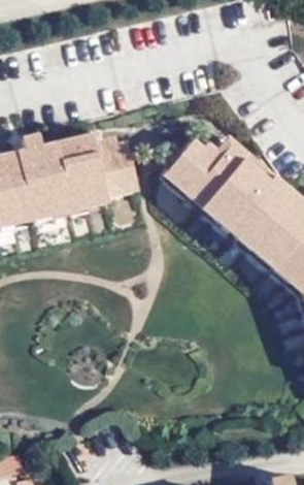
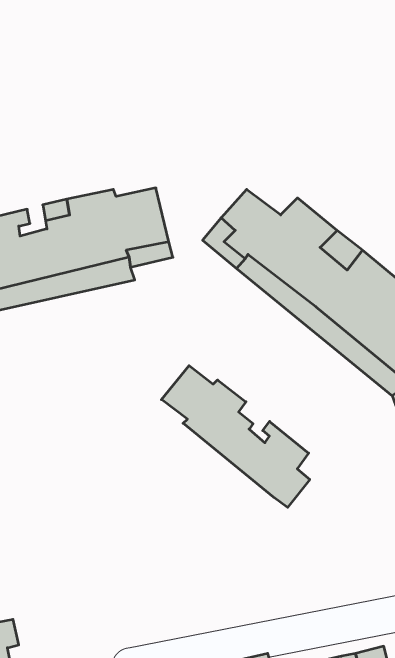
building: none -> [161,366,310,507]

